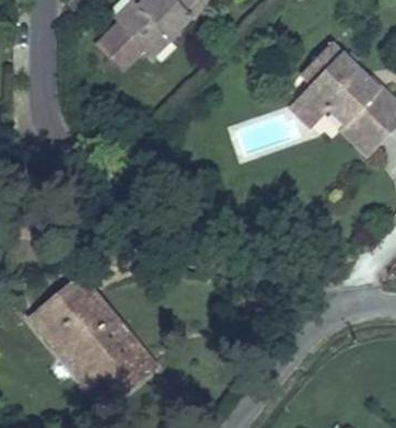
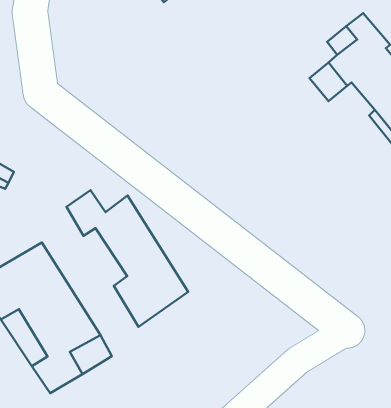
building: none -> [66,190,188,327]

